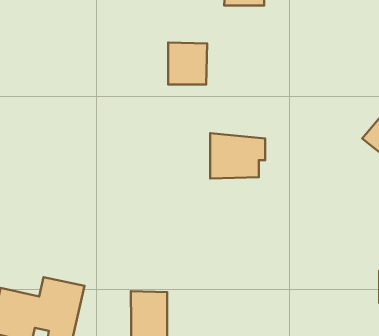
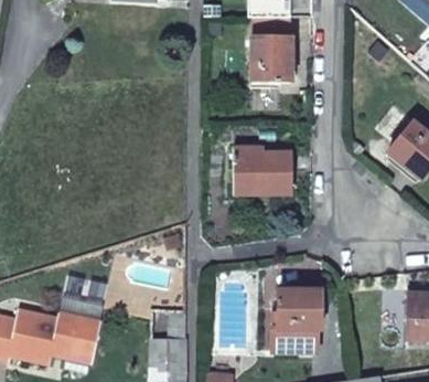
building: [168,43,207,84] -> [250,38,290,81]
building: none -> [276,289,321,348]

